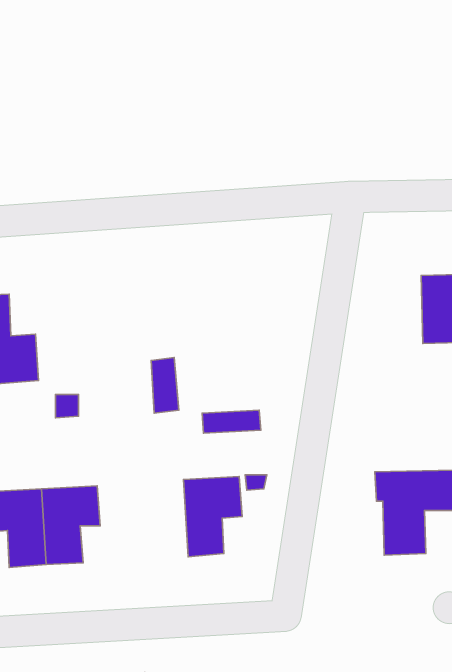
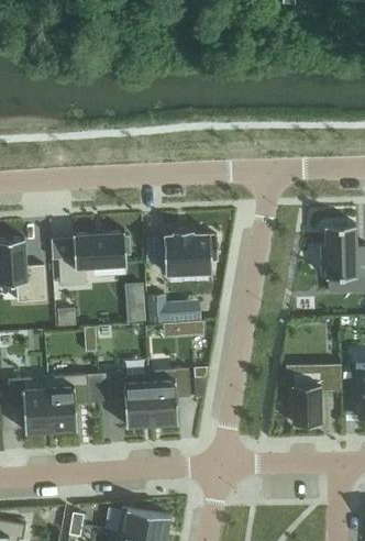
building: none -> [163,230,218,266]
building: none -> [58,231,130,286]
building: none -> [148,295,184,322]
building: none -> [109,371,152,427]

